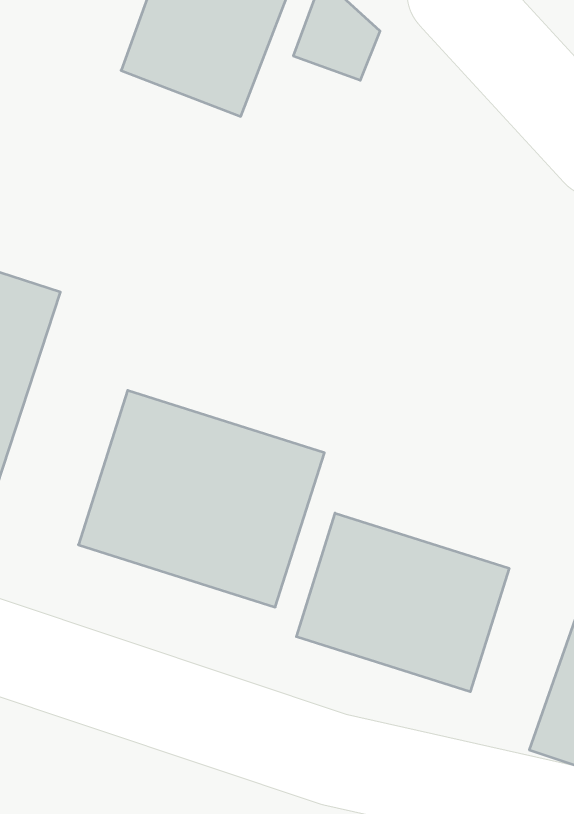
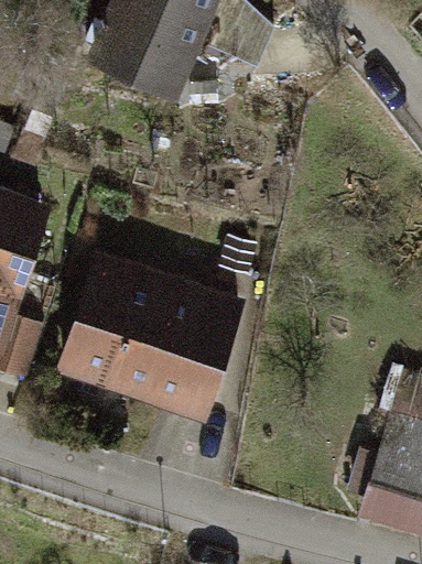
building: [296,513,509,692] -> none

